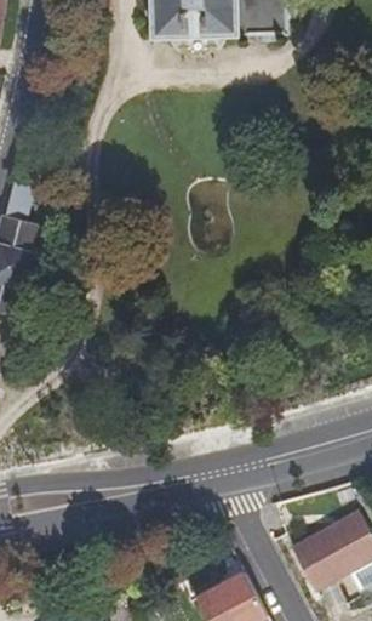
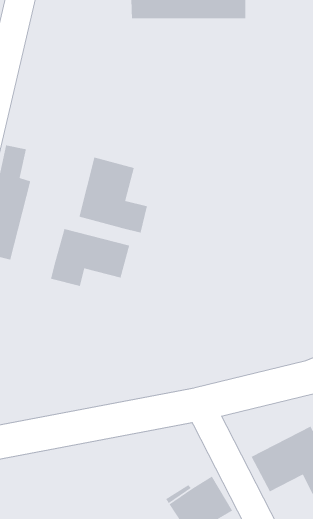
building: none -> [79,156,148,233]
building: none -> [50,228,130,287]

